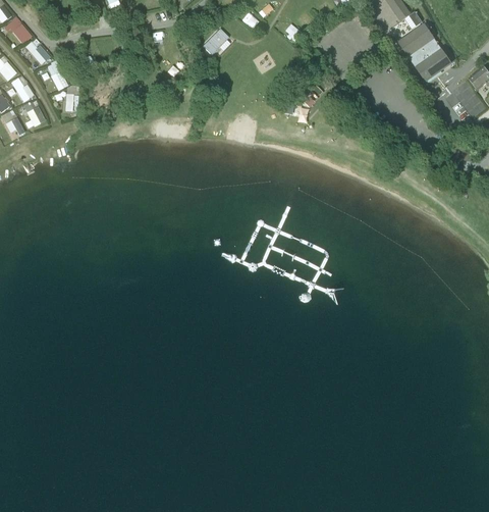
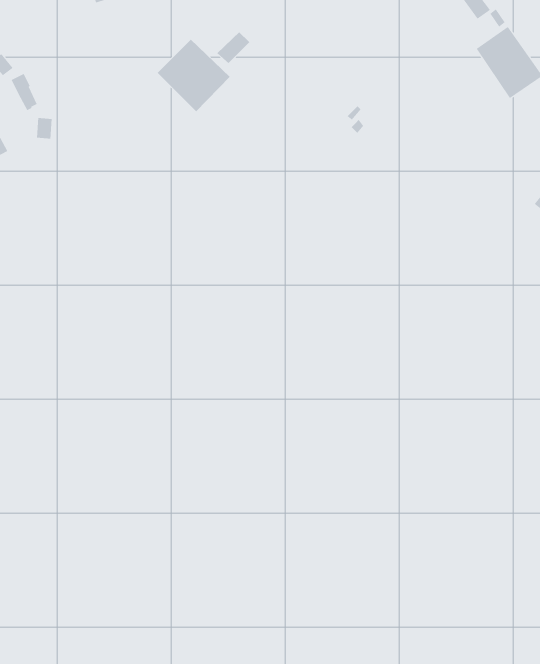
building: none -> [157,39,231,112]

